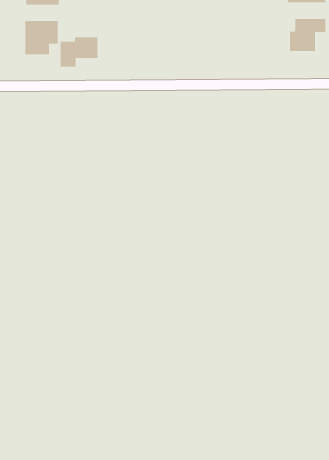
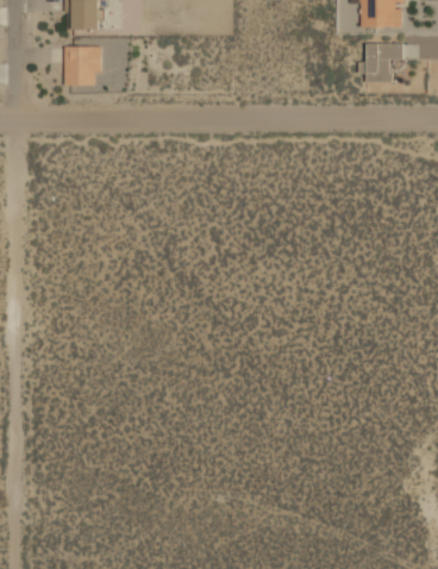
building: [60,37,98,68] -> none

